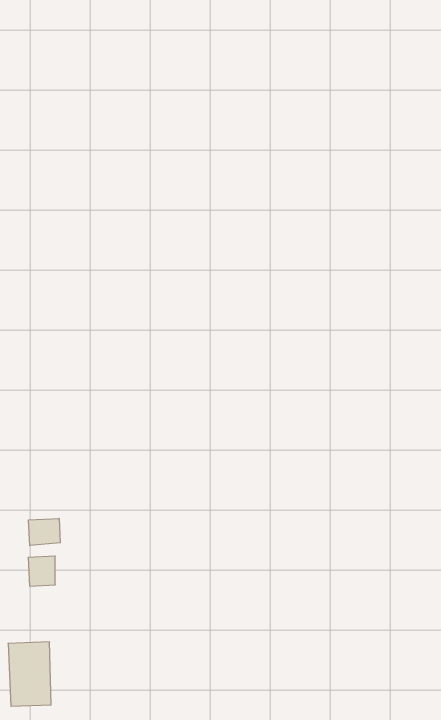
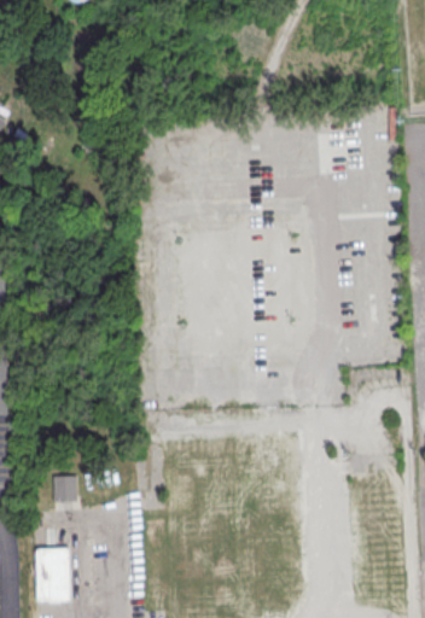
building: [29,518,60,546] -> none

